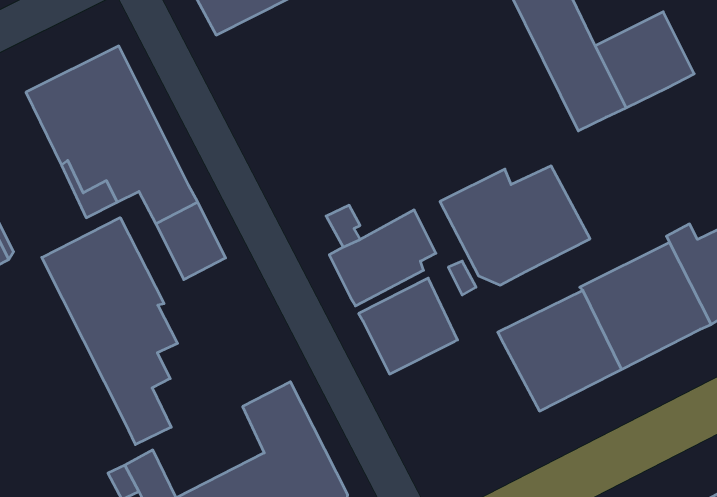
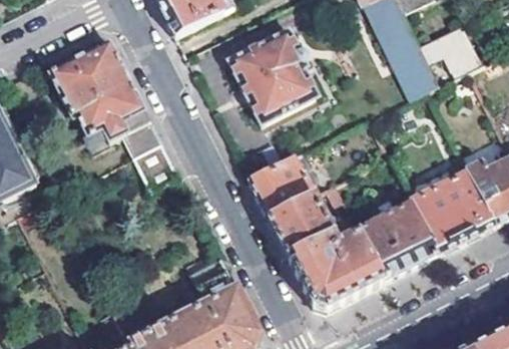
building: none -> [226,25,318,120]
building: [440,166,590,285] -> [285,230,382,307]
building: [42,218,178,445] -> none

